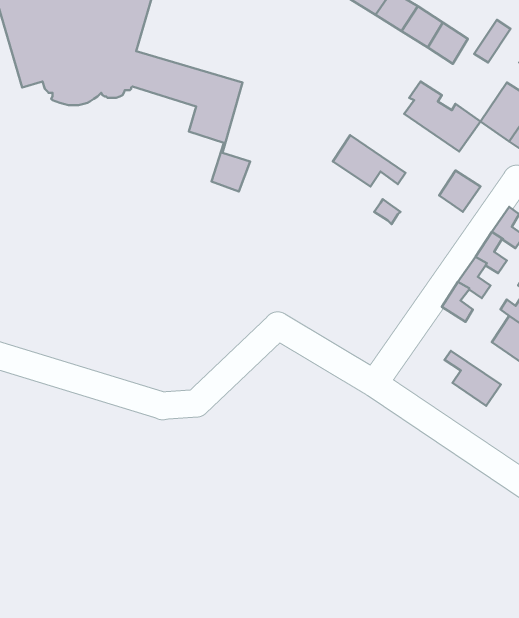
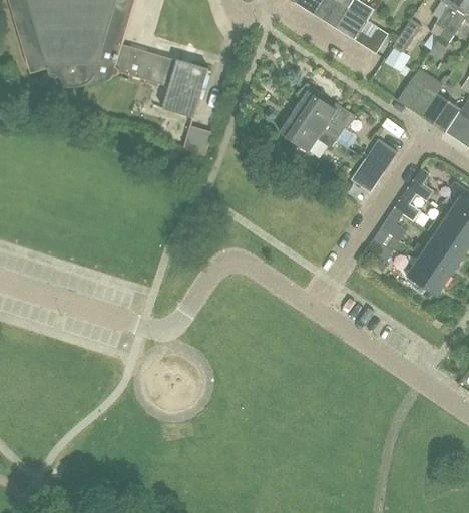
building: [404,81,480,152] -> [294,84,355,140]
building: none -> [351,158,384,191]
building: [444,351,501,406] -> none

